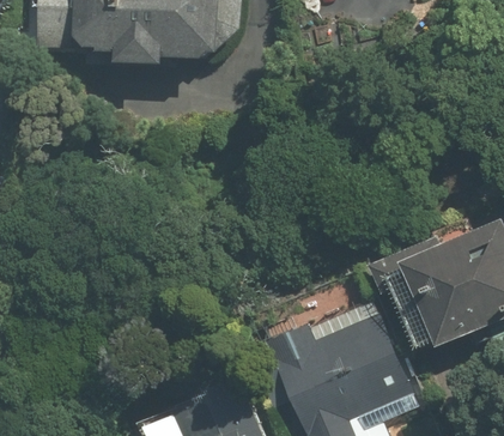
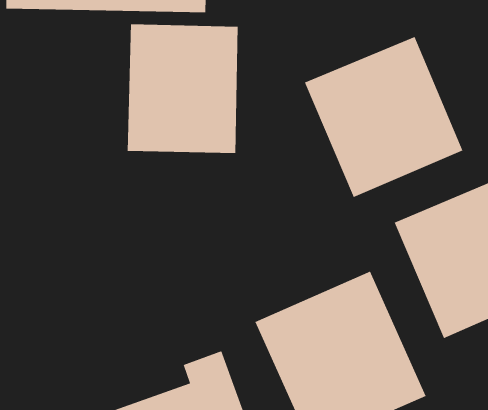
building: none -> [127,23,238,154]
building: none -> [304,36,463,198]

